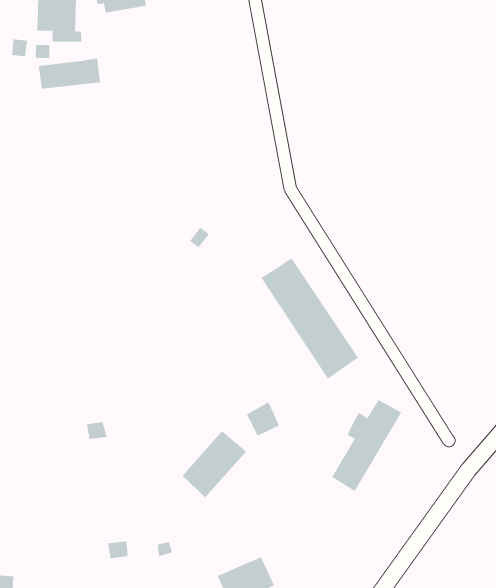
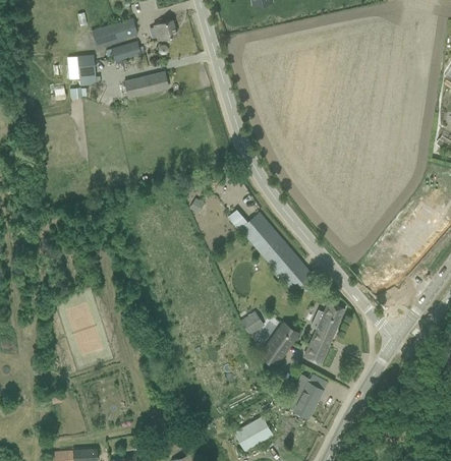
building: [38,58,101,89] -> [124,71,168,97]
building: [182,430,247,498] -> [259,321,300,367]
building: none -> [287,372,327,417]

